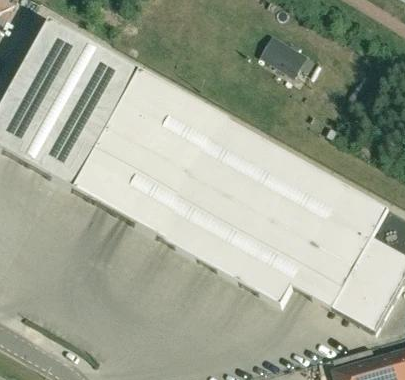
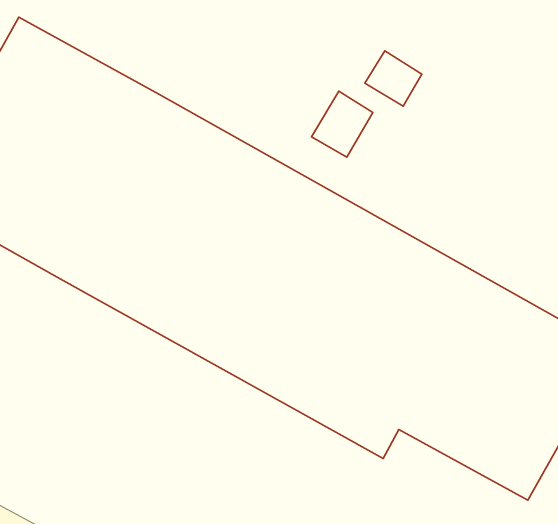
building: none -> [311,91,373,157]

